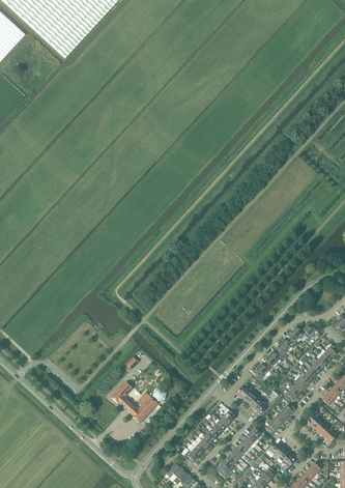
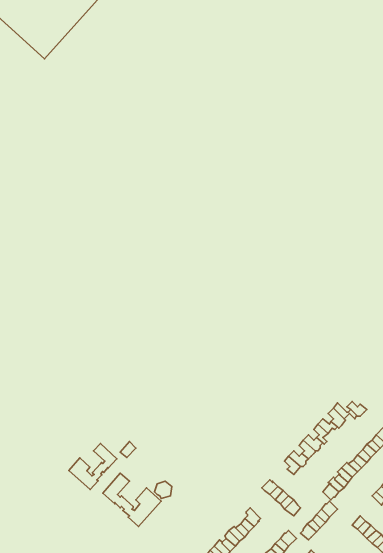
building: none -> [69,443,117,490]

